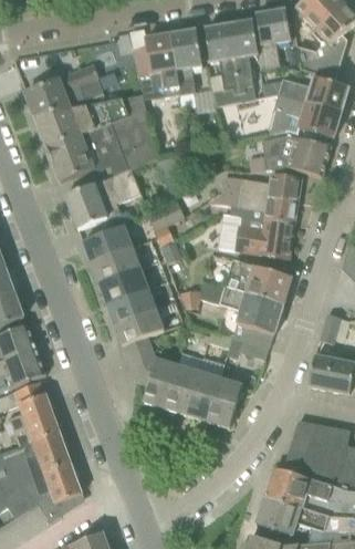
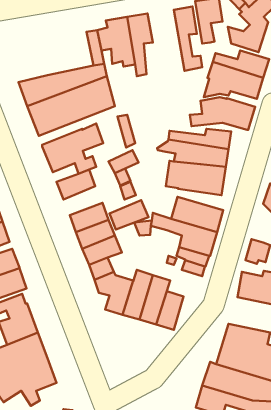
building: [205,25,242,106] -> none
building: [24,66,103,116] -> none
building: [91,247,139,283] -> [109,200,148,229]

